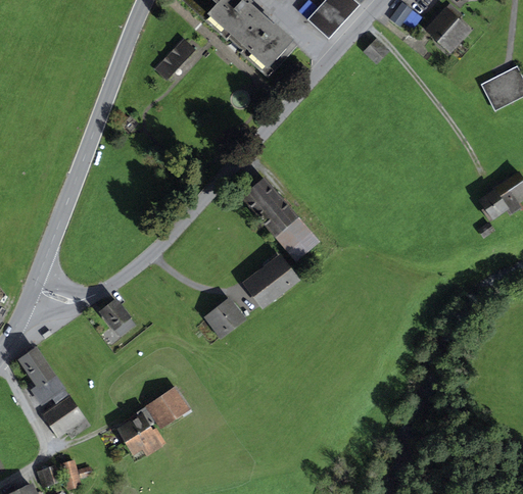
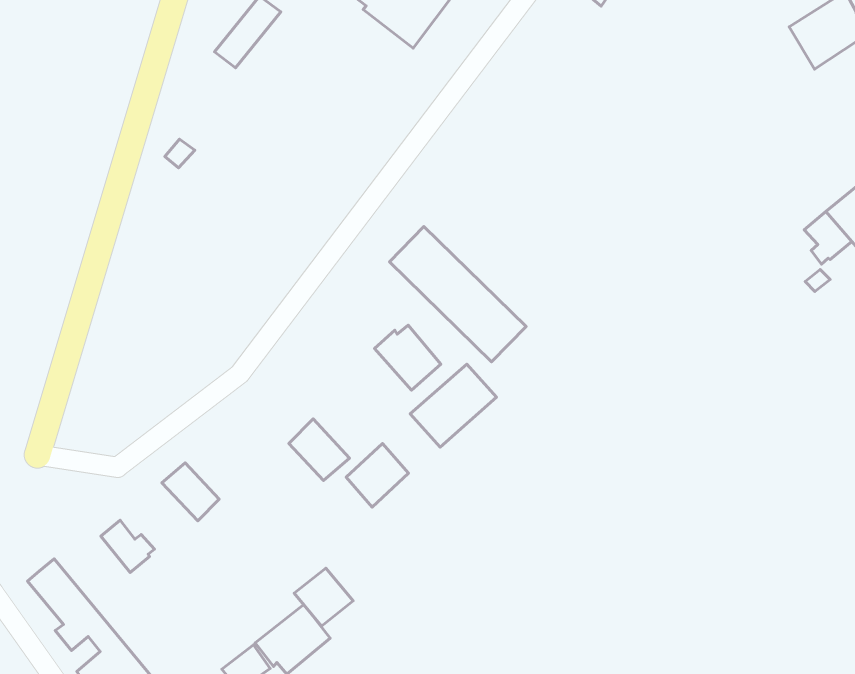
building: none -> [375,325,441,390]
building: none -> [289,419,350,480]
building: none -> [101,520,154,573]
building: none -> [294,568,353,626]

